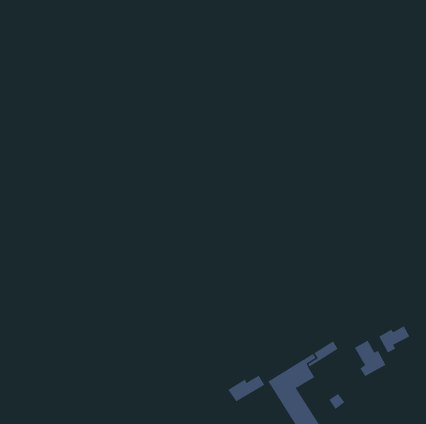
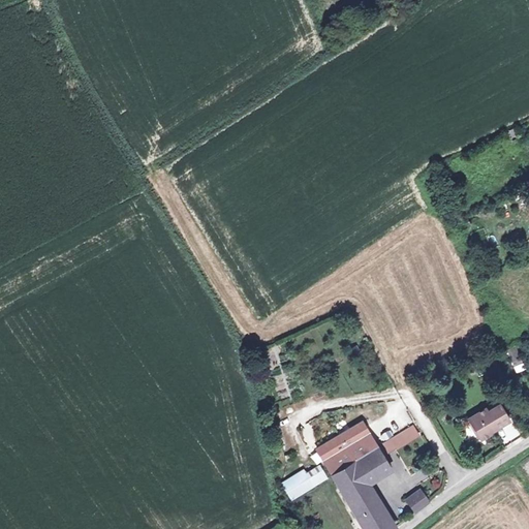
building: none -> [316,423,377,475]
building: [354,340,386,377] -> none

